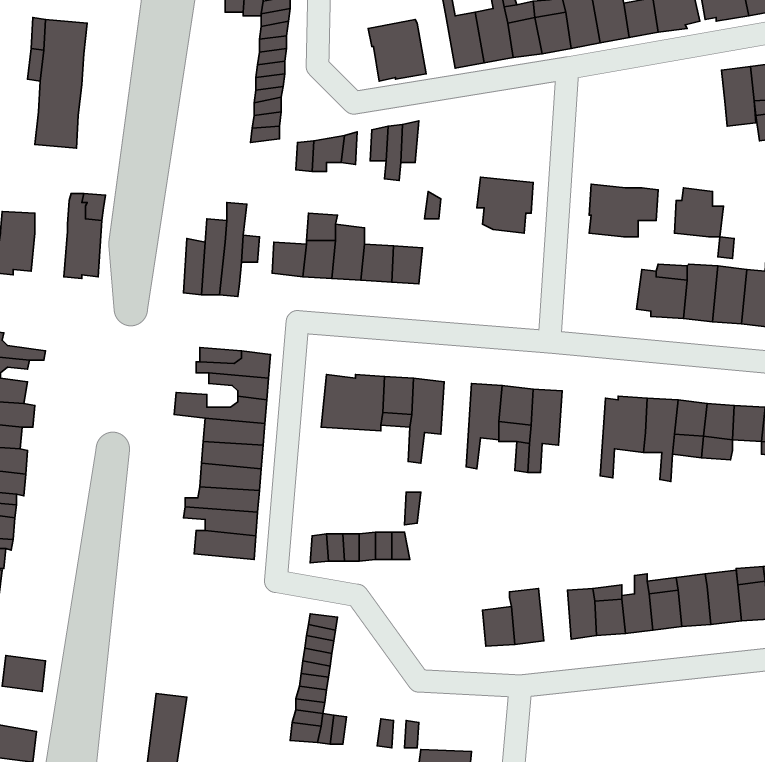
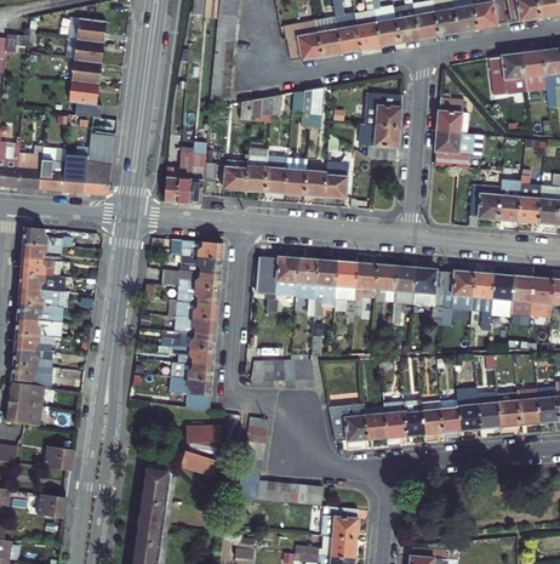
building: none -> [321,18,347,56]
building: none -> [491,53,528,93]
building: none -> [362,95,401,129]
building: [674,188,723,237] -> [438,99,470,132]
building: none -> [63,155,87,192]
building: none -> [322,163,347,198]
building: none -> [337,262,358,319]
building: none -> [416,268,447,325]
building: none -> [170,377,212,411]
building: none -> [402,399,424,435]
building: none -> [330,404,367,441]
building: none -> [179,426,221,477]

